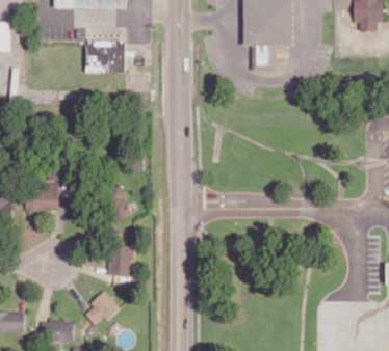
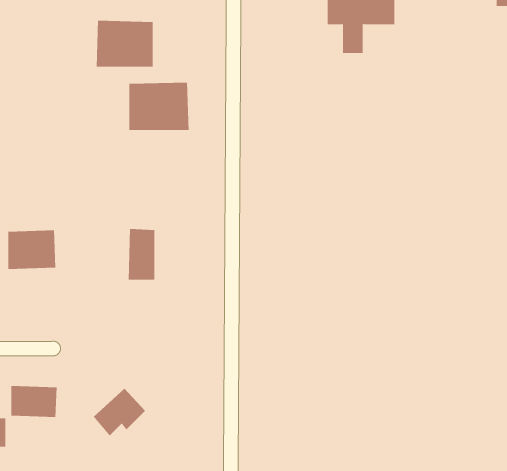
building: none -> [129,82,189,131]
building: [107,246,133,276] -> none
building: [42,320,74,342] -> [10,385,58,417]

